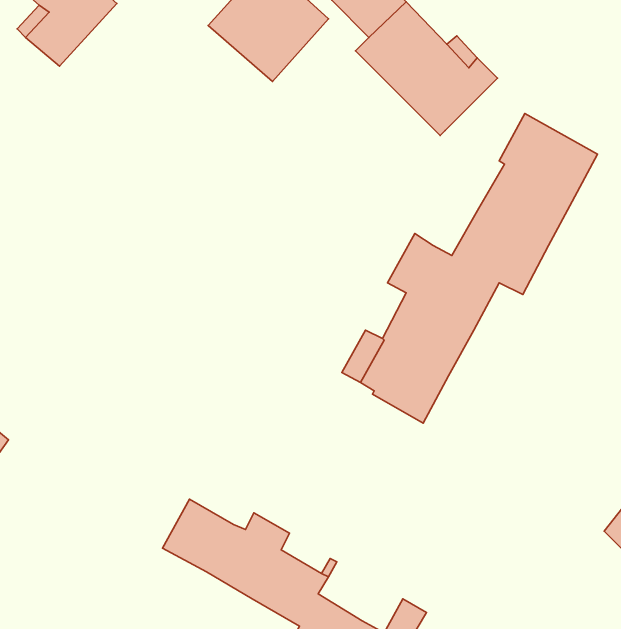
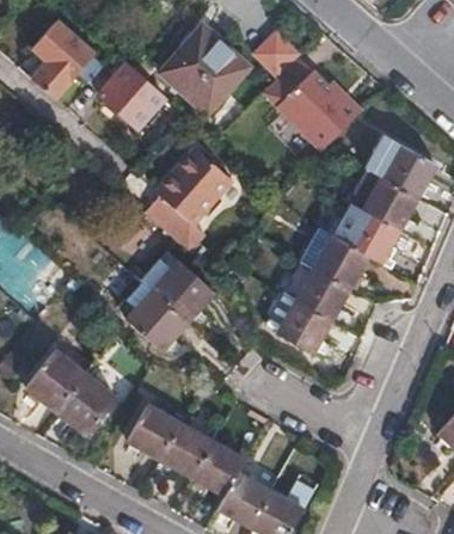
building: none -> [100,63,165,127]
building: none -> [146,151,232,252]
building: none -> [129,252,213,350]
building: none -> [27,350,116,434]

